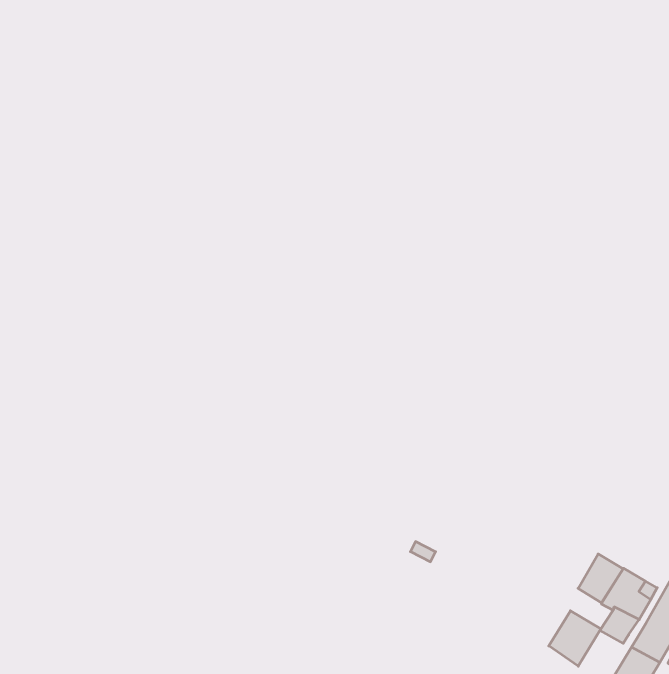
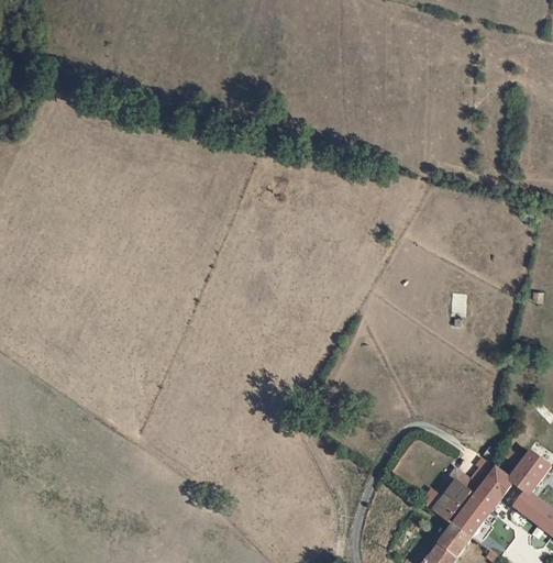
building: [578,554,623,603] -> none
building: [549,611,601,666] -> none

